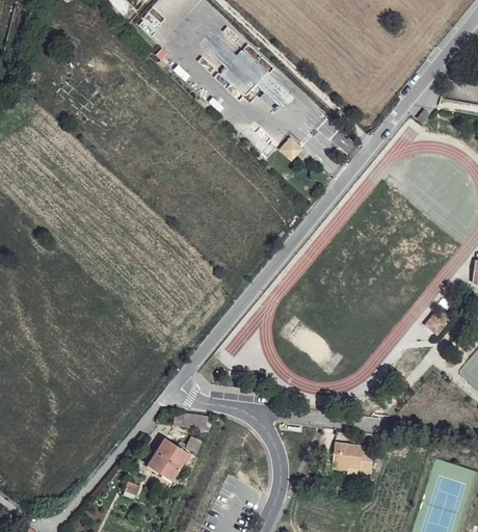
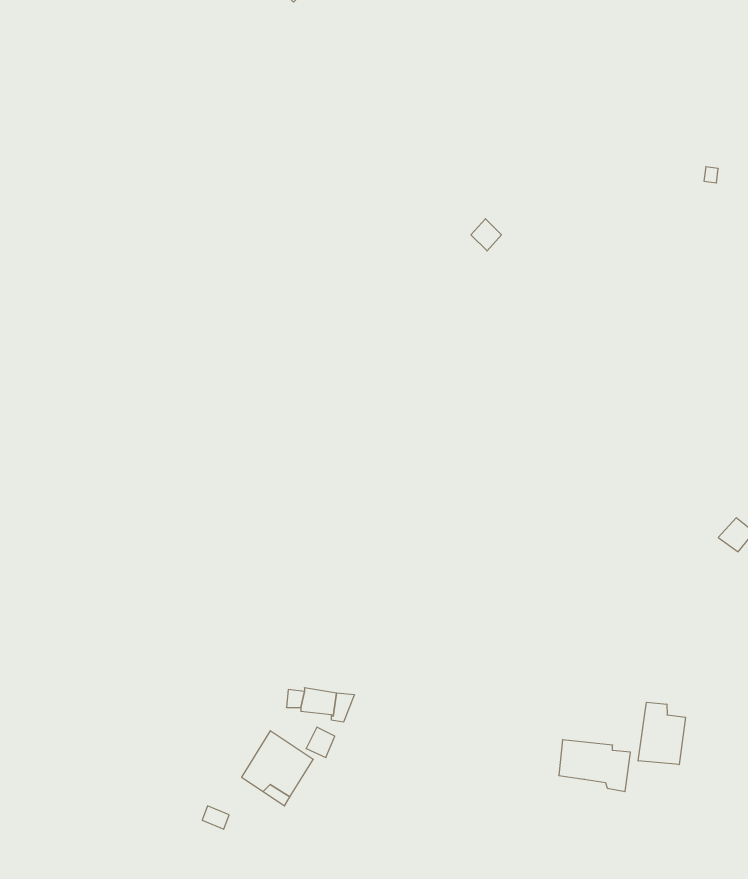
building: none -> [638,702,686,765]

